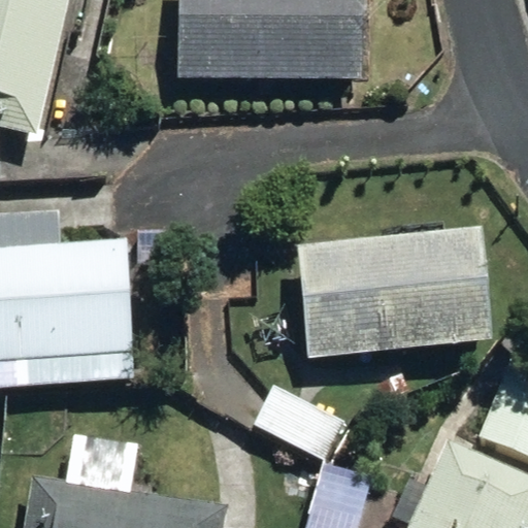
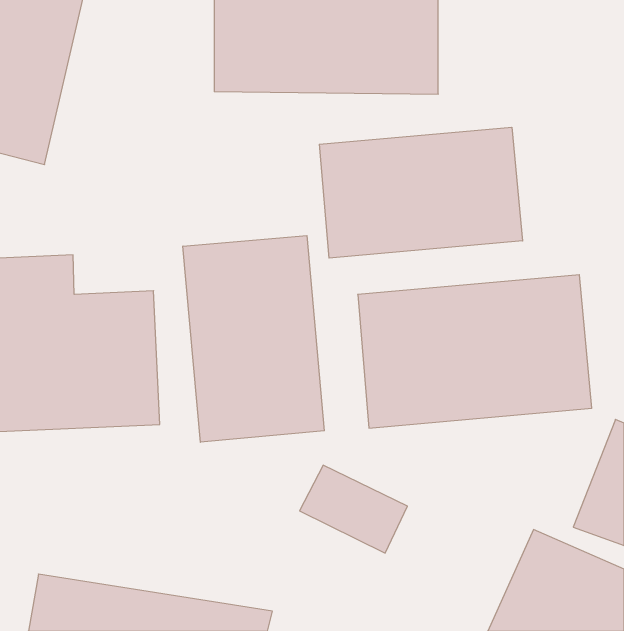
building: none -> [319,127,523,258]
building: none -> [183,236,324,442]

